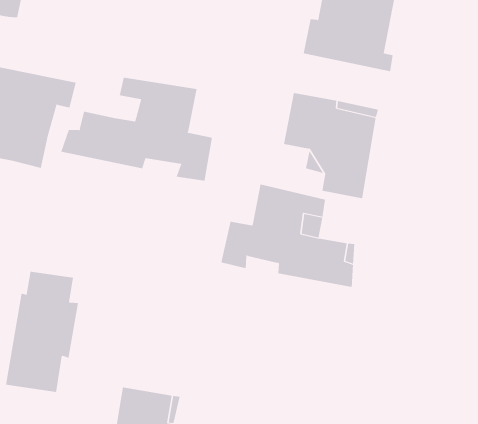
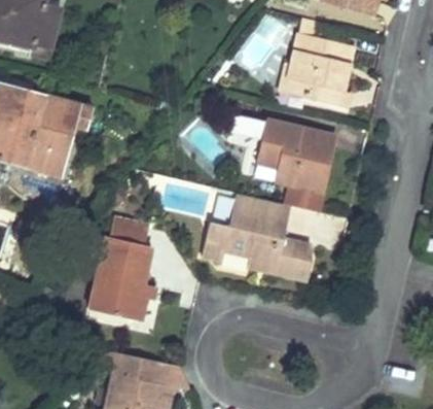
building: [61,77,212,182] -> none
building: [5,271,79,392] -> [88,219,151,318]

